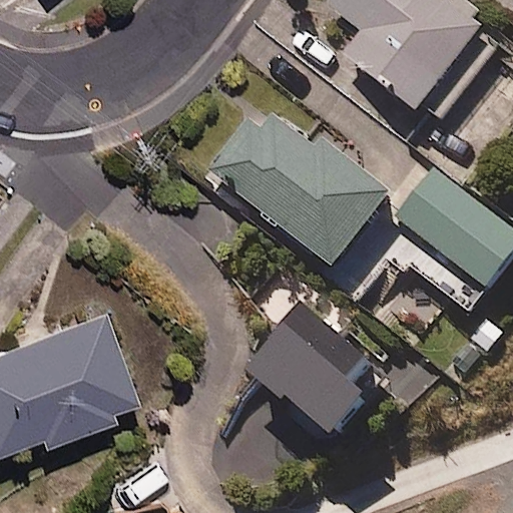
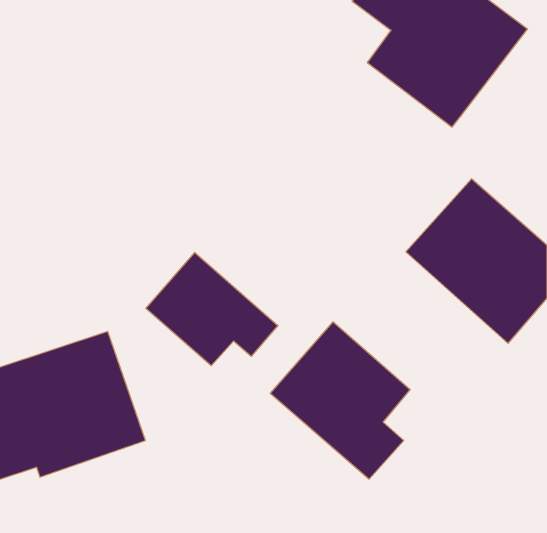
building: [206,103,397,278] -> none
building: none -> [146,252,278,366]

